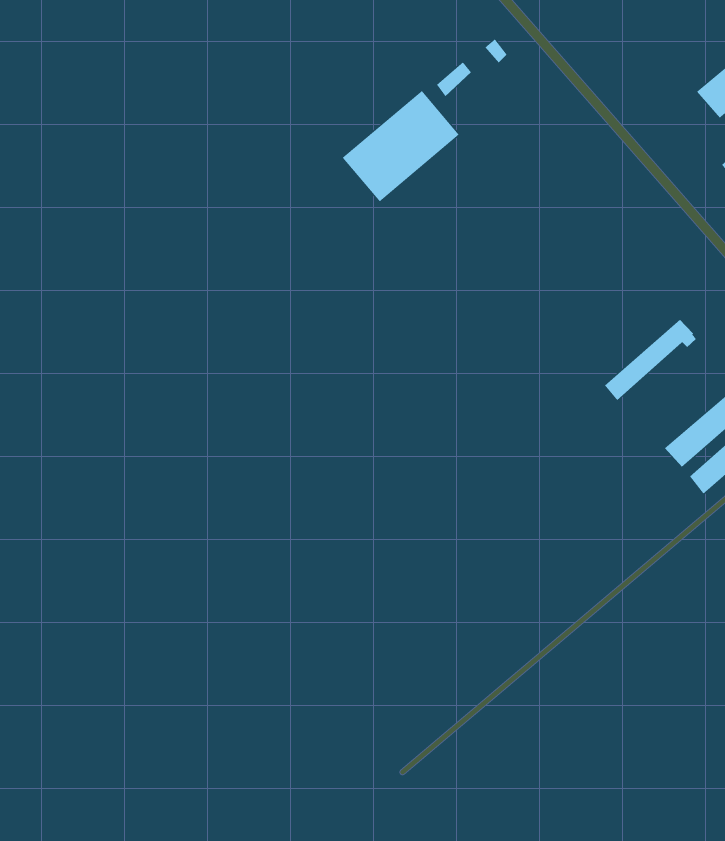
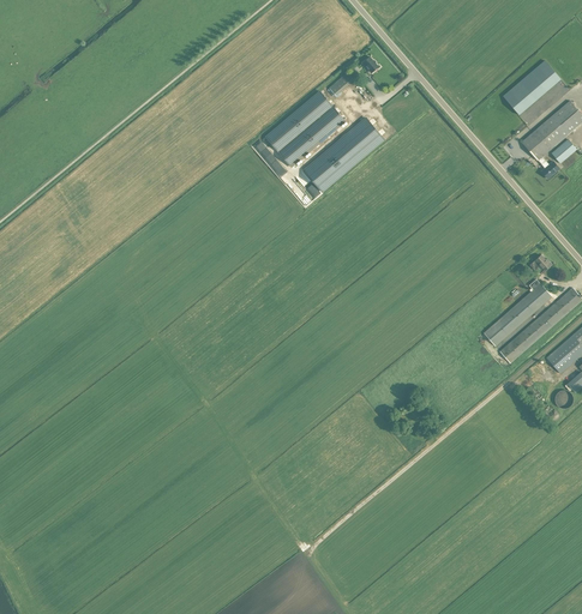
building: none -> [302,118,383,192]
building: [604,319,697,401] -> none

